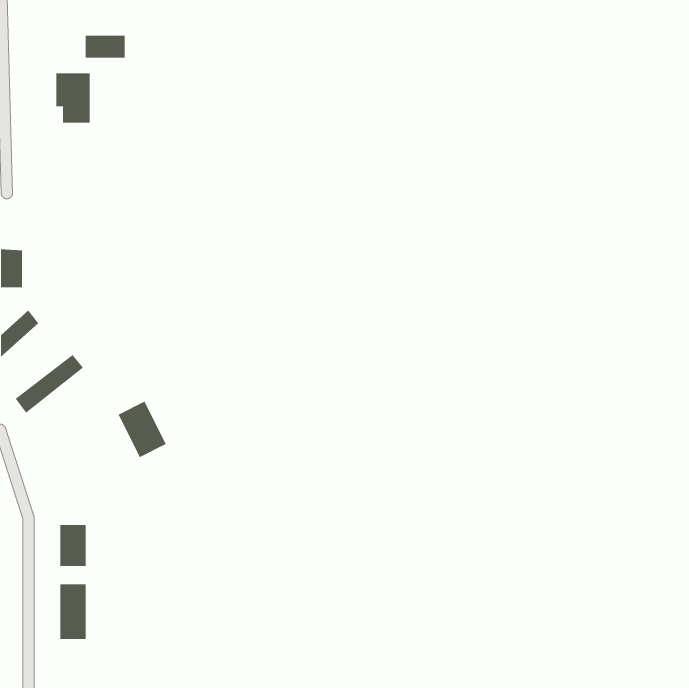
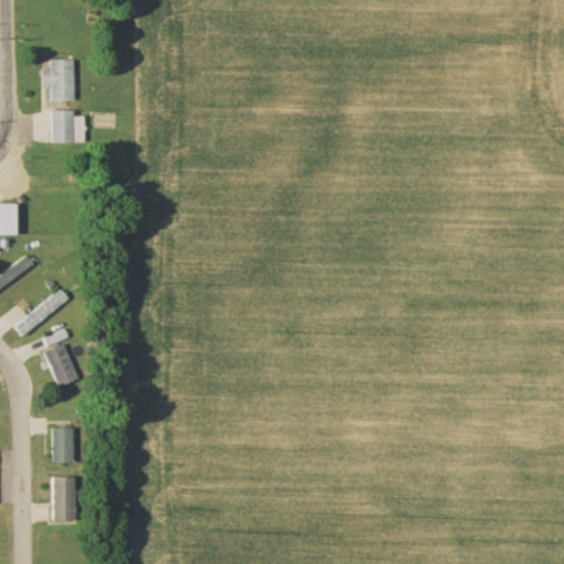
building: [85,35,125,59] -> none
building: none -> [52,111,85,143]
building: [118,401,166,458] -> [40,341,79,388]

